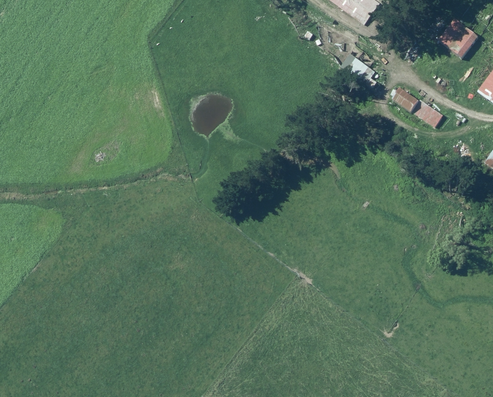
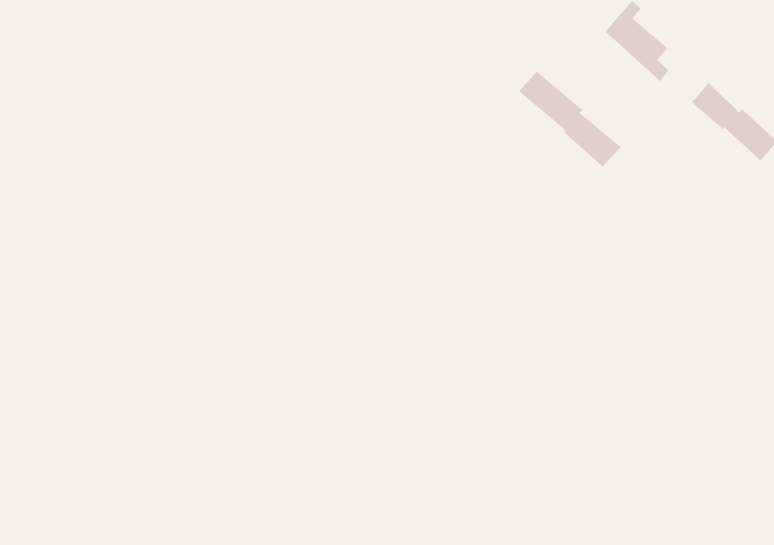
building: none -> [518,71,621,168]

